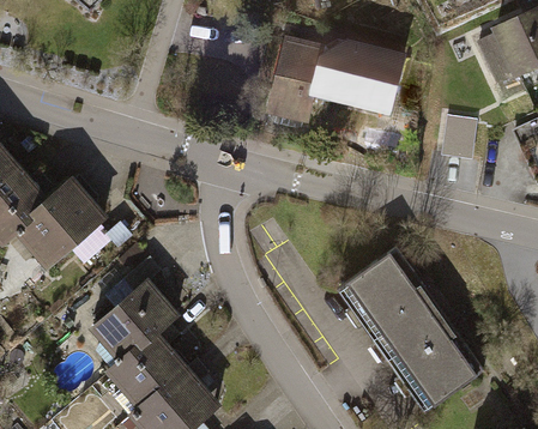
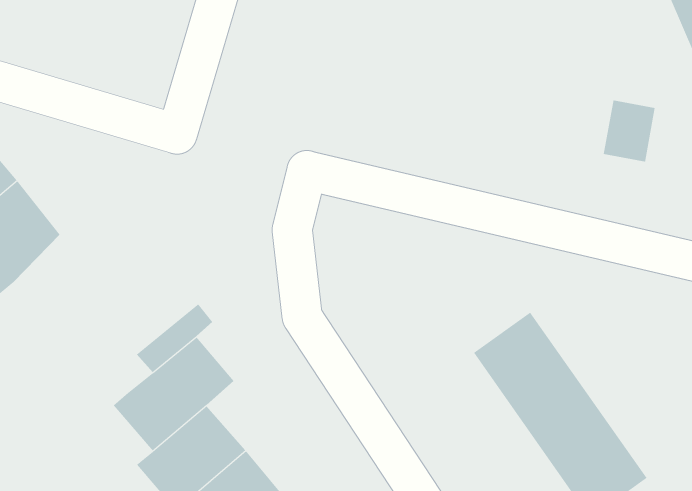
building: [270,41,404,129] -> none
building: [16,186,107,272] -> none

